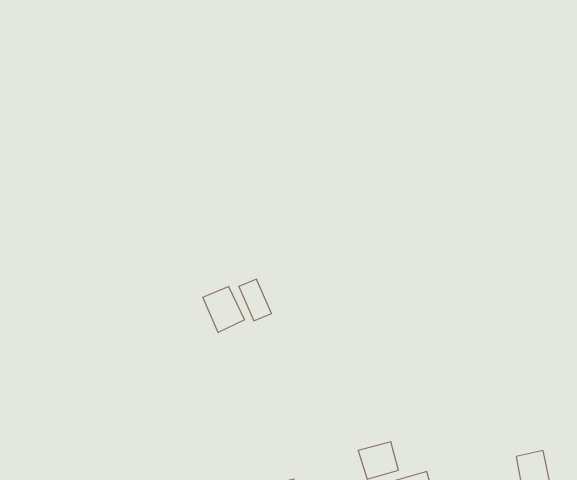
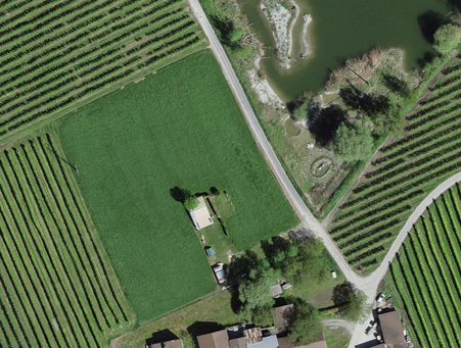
building: [203,286,244,333] -> none

